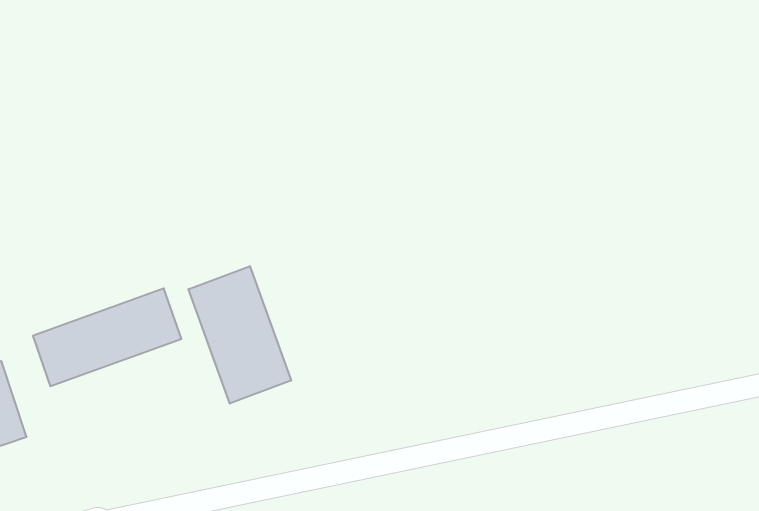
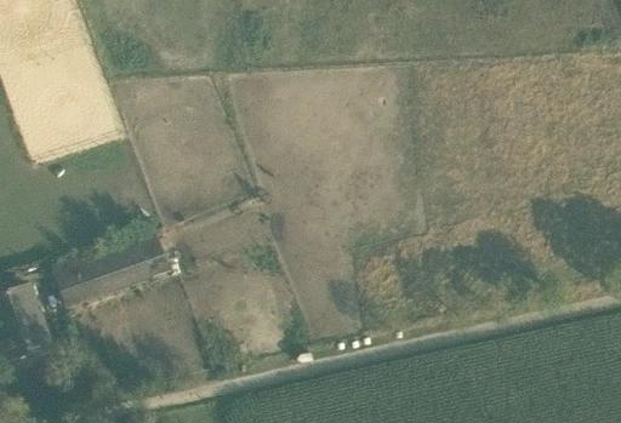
building: [188,266,291,404] -> none

